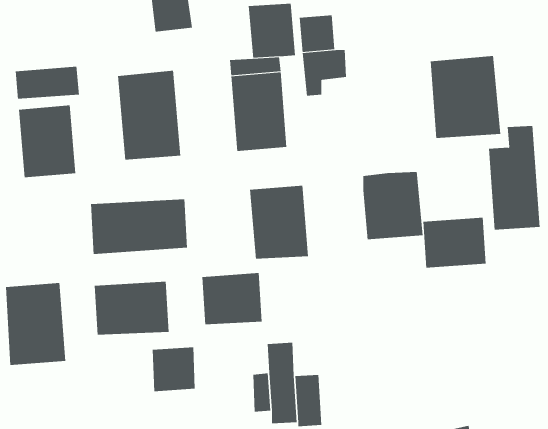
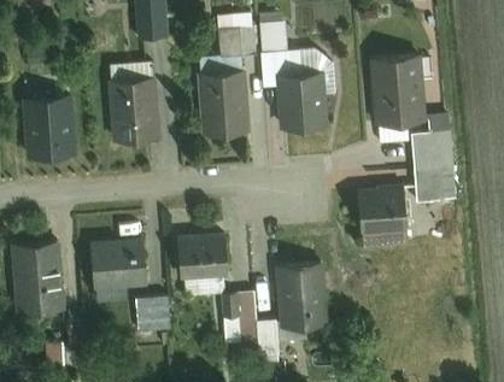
building: [15,66,79,99] -> none
building: [362,171,423,240] -> [277,72,328,129]
building: [249,185,309,259] -> [277,264,327,325]
building: [90,198,188,255] -> none

